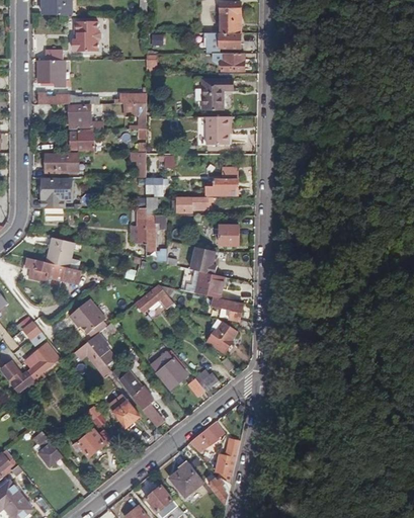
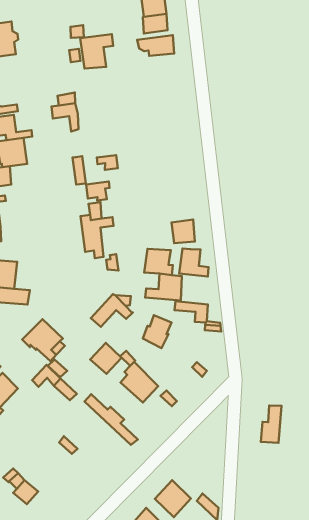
building: [202,80,232,109] -> [80,34,113,69]
building: [205,114,230,142] -> none
building: [206,178,238,194] -> none
building: [176,198,213,212] -> none
building: none -> [179,248,209,276]
building: [209,322,237,353] -> [143,315,171,348]
building: none -> [90,343,122,374]
building: [108,395,139,426] -> none
building: [189,423,222,454] -> none
building: [74,428,111,456] -> none
building: [217,438,240,473] -> [261,405,281,443]

